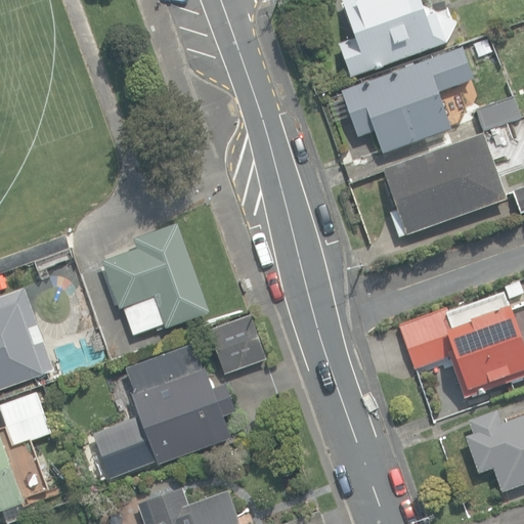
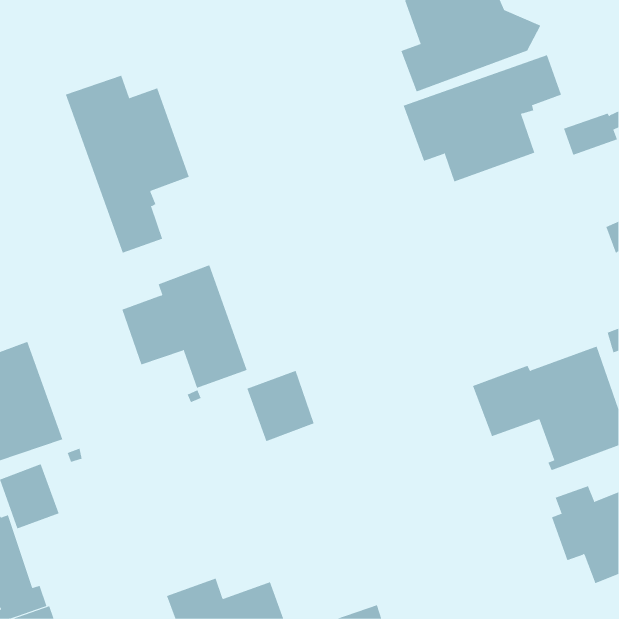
building: none -> [65,75,189,253]
building: [383,133,507,236] -> none
building: [104,343,235,465] -> none

